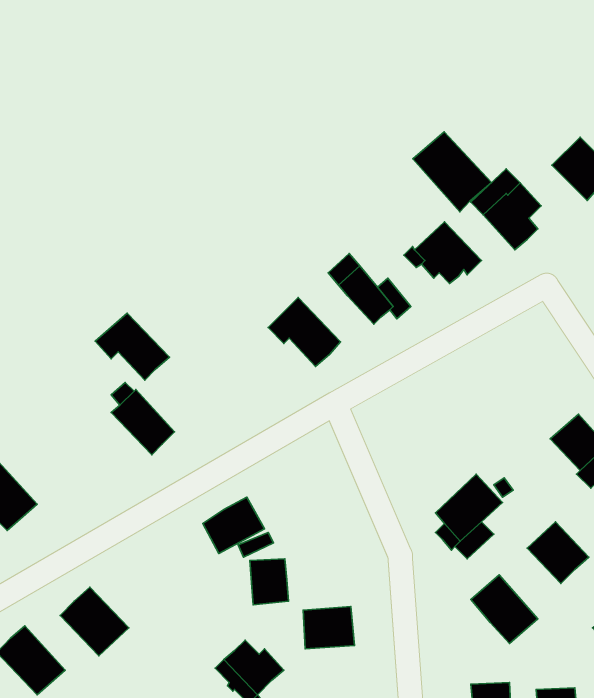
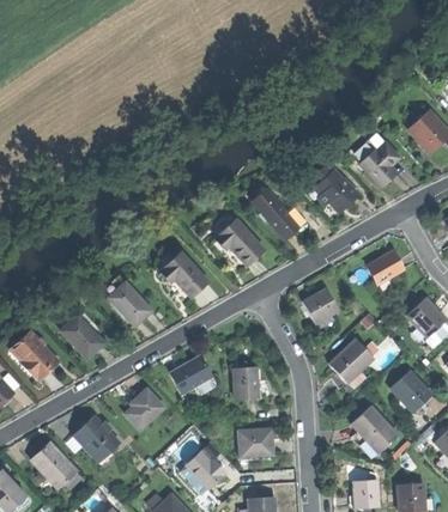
building: [413,132,492,212] -> none
building: [95,313,169,380] -> [157,252,207,298]
building: none -> [368,250,404,284]
building: none -> [302,288,339,324]
building: none -> [61,315,105,360]
building: none -> [125,388,163,428]
building: [250,559,288,605] -> [232,367,259,398]

